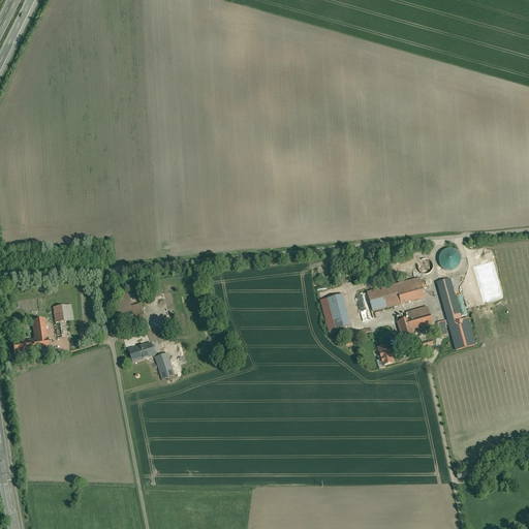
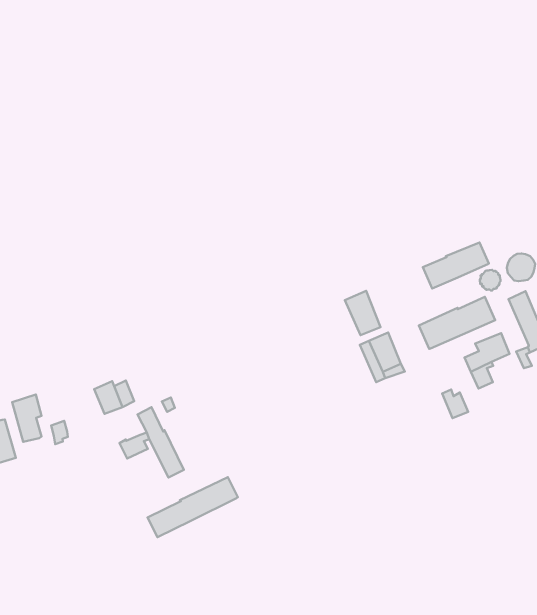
building: none -> [423,242,489,288]
building: none -> [345,291,381,335]
building: none -> [148,477,238,537]

